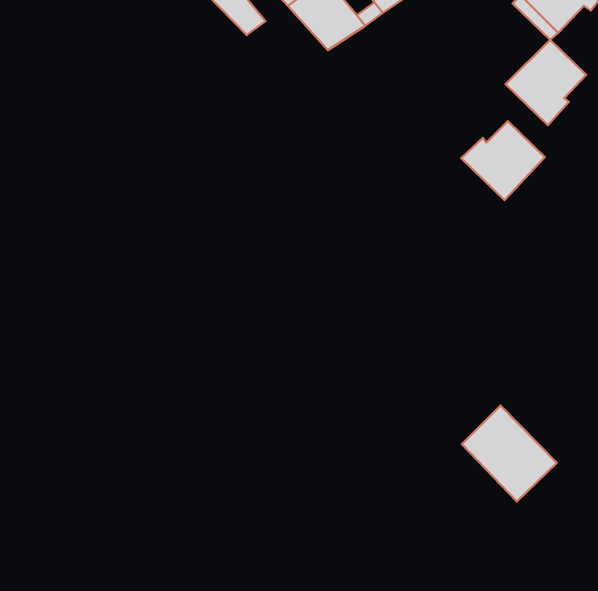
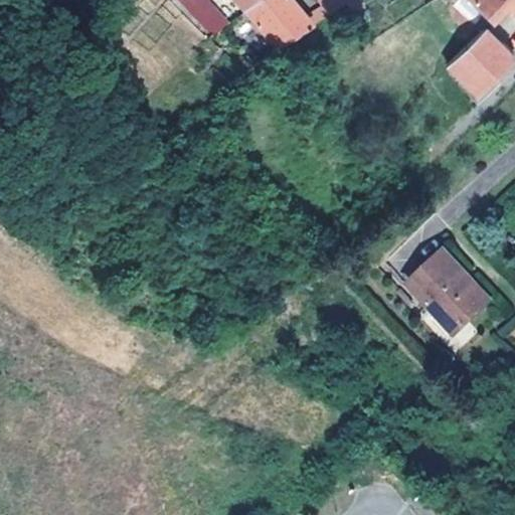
building: [461,121,545,200] -> none
building: [462,405,557,501] -> [411,248,493,331]

